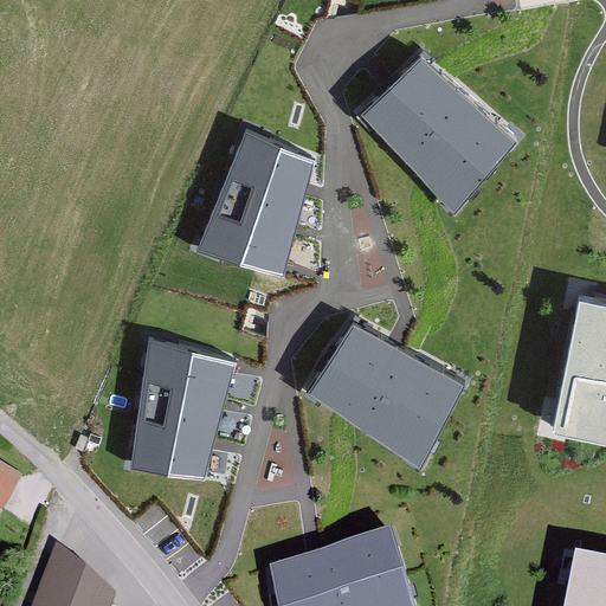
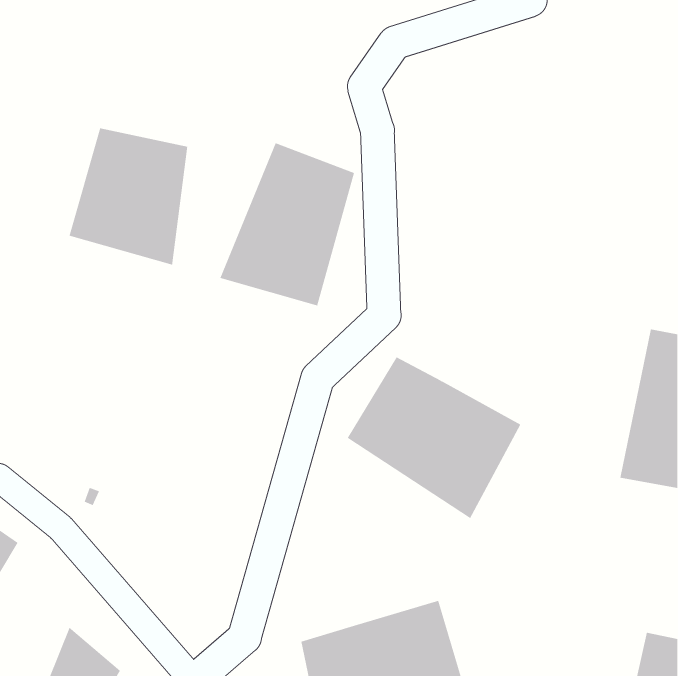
building: [360,56,516,211] -> none
building: none -> [69,128,188,266]
building: [129,339,236,479] -> none

